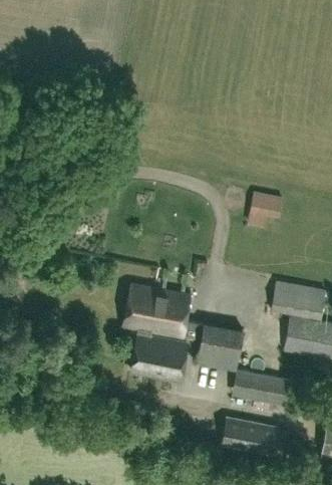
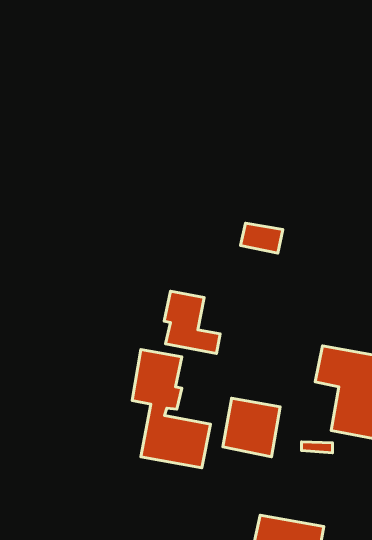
building: [250,193,284,217] -> [240,223,283,253]
building: [158,290,204,340] -> [164,291,220,354]
building: [232,371,292,406] -> none

